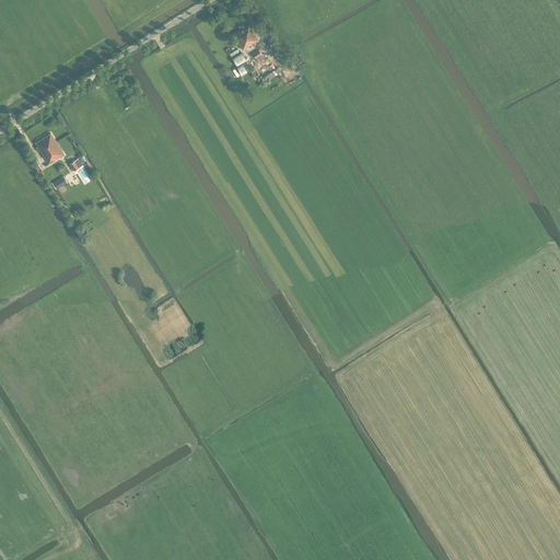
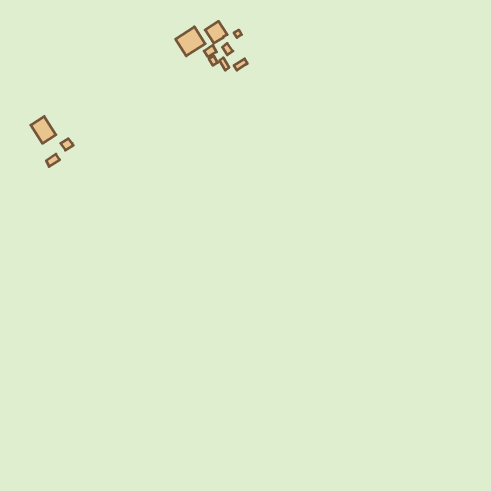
building: none -> [176,27,205,56]

